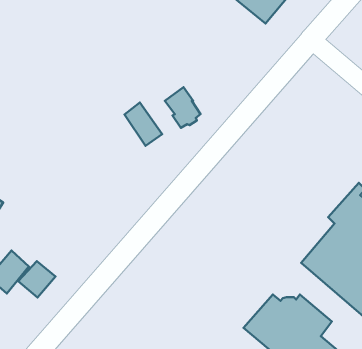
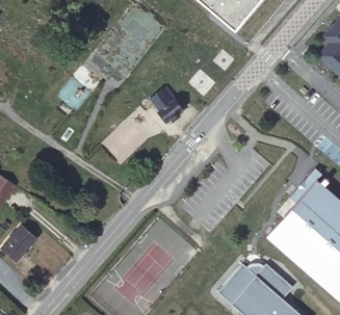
building: [124,102,162,146] -> none
building: [18,261,56,298] -> none

